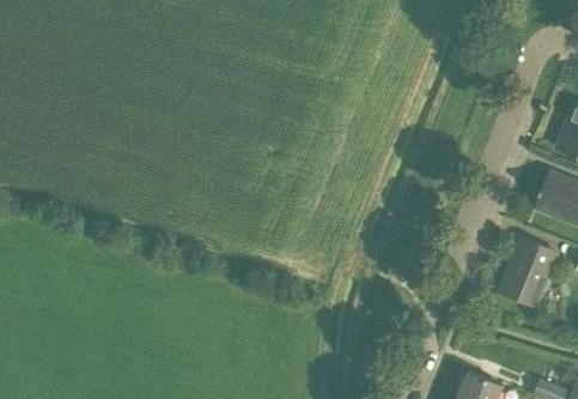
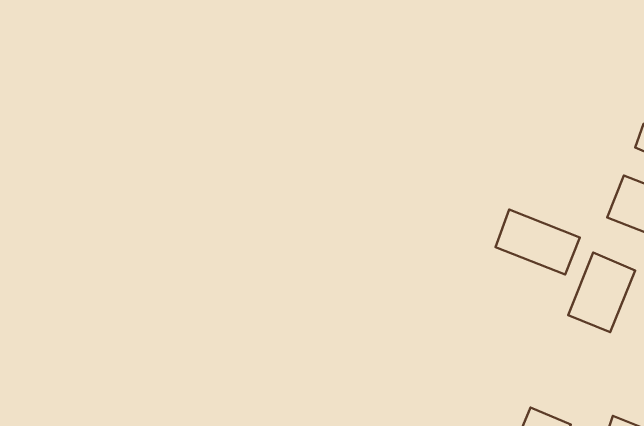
building: none -> [496,209,580,274]

